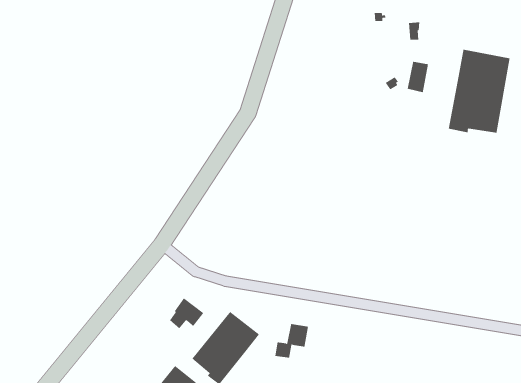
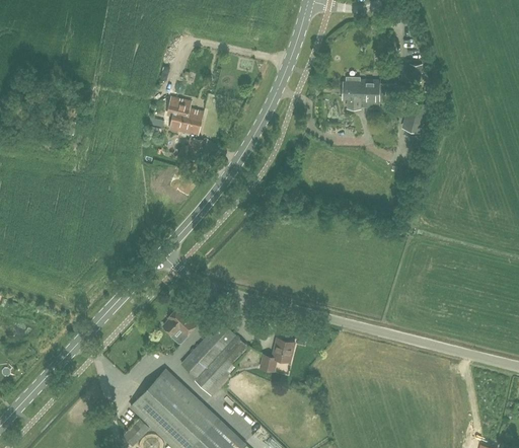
building: none -> [343,77,397,108]
building: [448,49,510,134] -> none
building: none -> [167,97,203,161]

